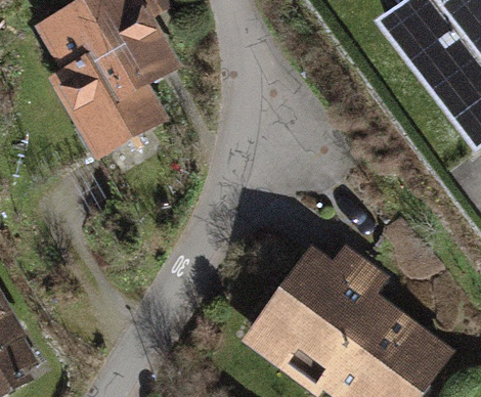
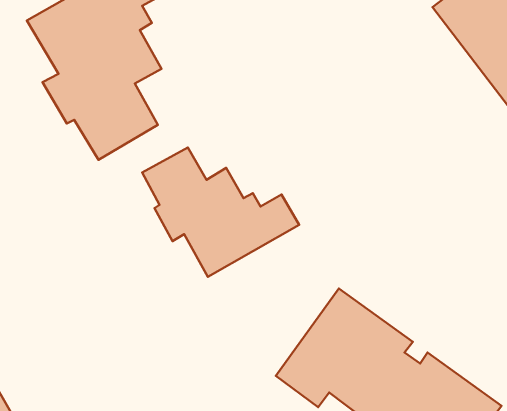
building: none -> [142,148,299,277]

